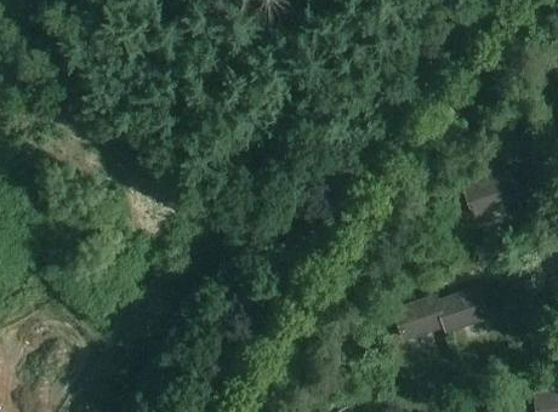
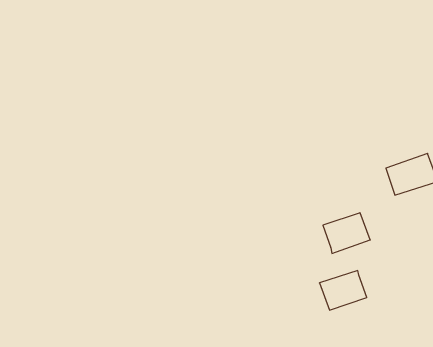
building: [435,290,486,333] -> [323,213,370,253]

